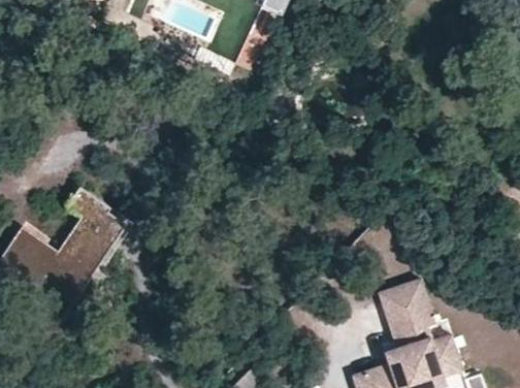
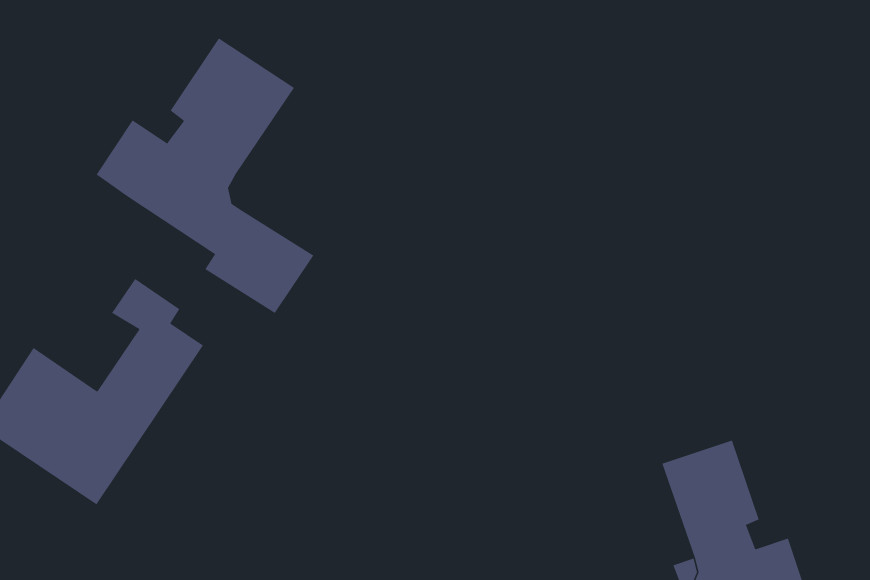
building: none -> [96,37,314,314]

